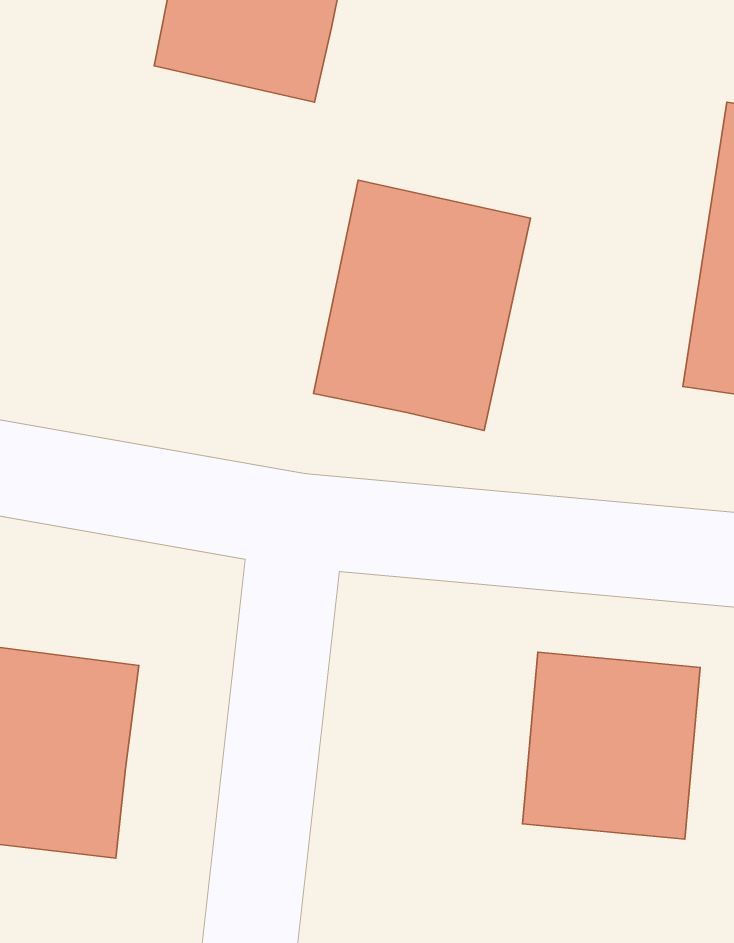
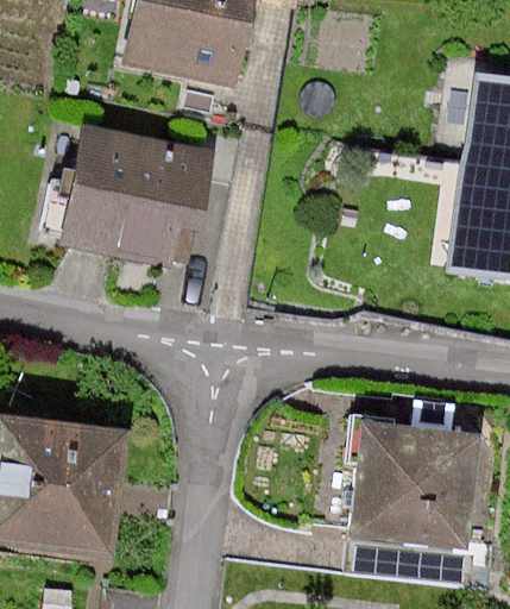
building: [314,180,530,431] -> none
building: none -> [63,128,218,262]

